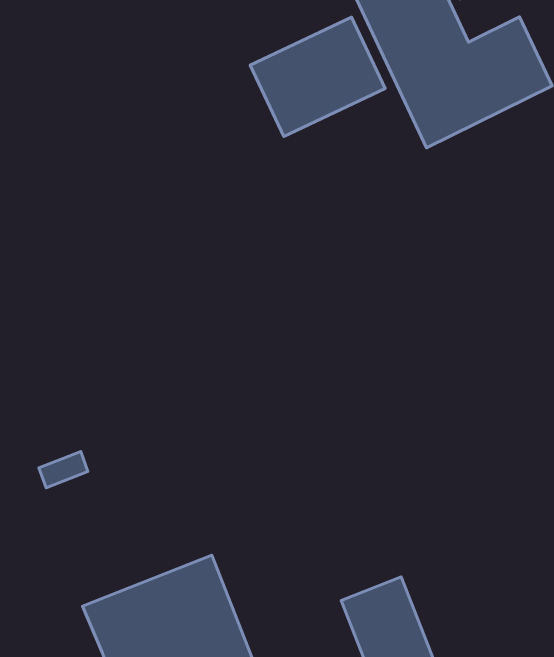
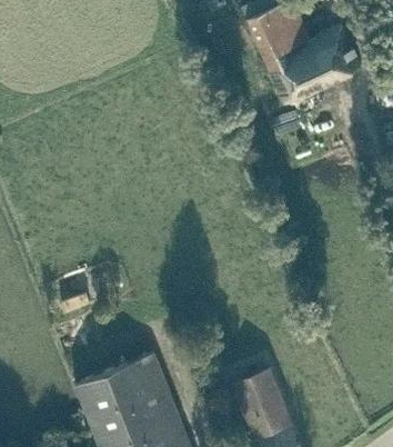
building: [250,17,385,136] -> none

